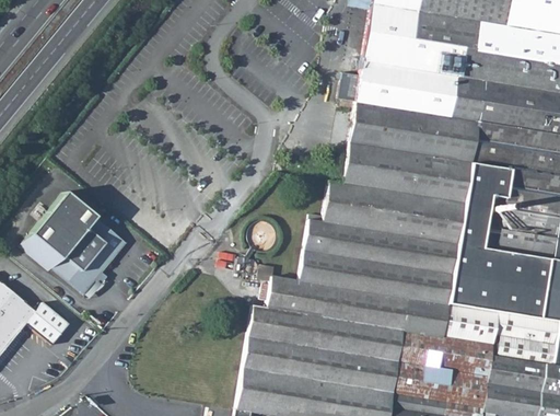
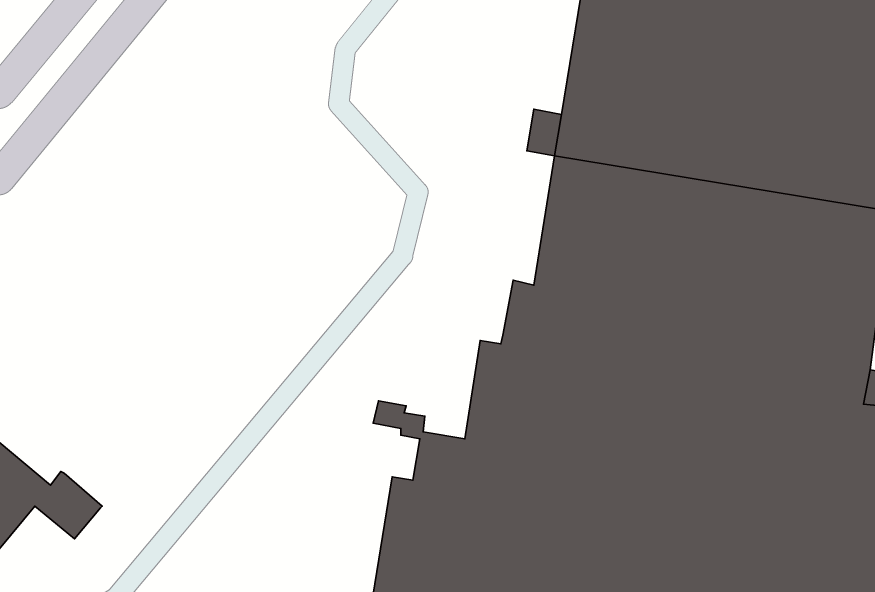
building: [21,195,127,297] -> none

